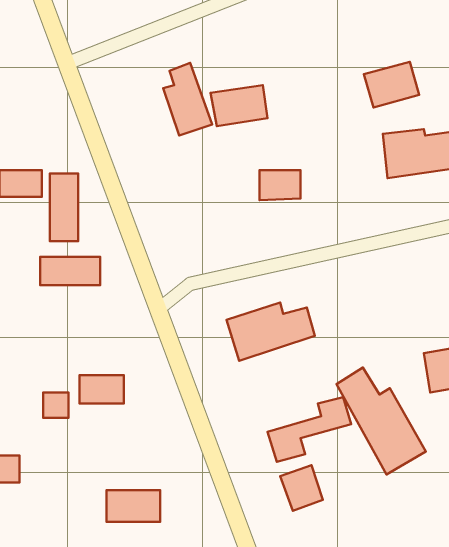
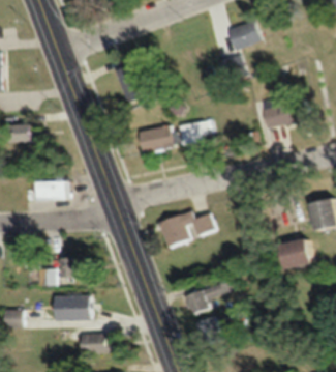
building: [364,62,419,107] -> [227,20,264,50]
building: [211,85,267,126] -> [136,125,174,152]
building: [50,173,78,241] -> none
building: [336,368,426,475] -> none
building: none -> [54,295,91,320]

